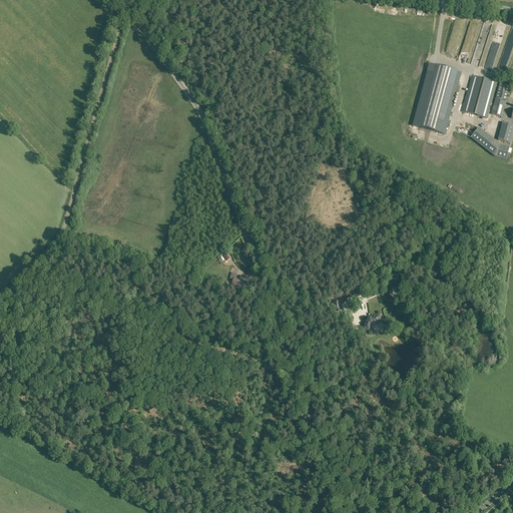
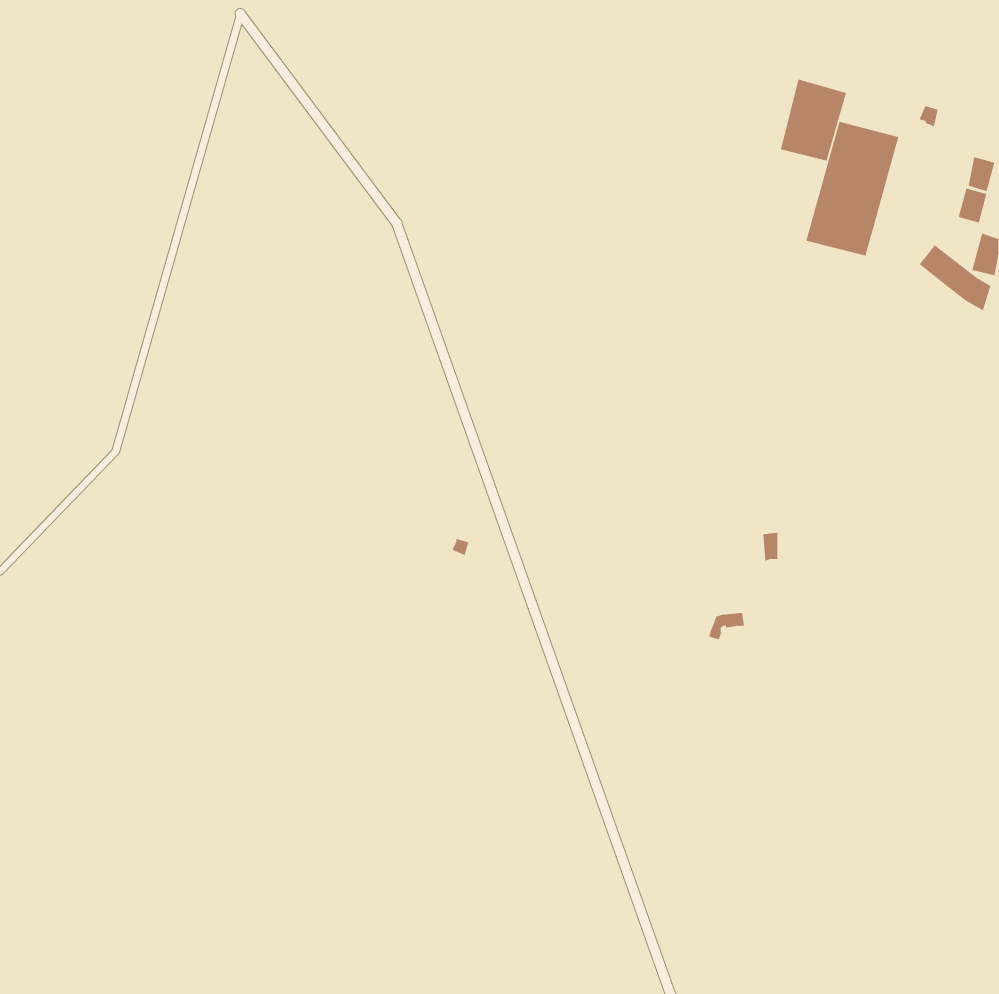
building: [463,73,497,115] -> [780,79,847,161]

